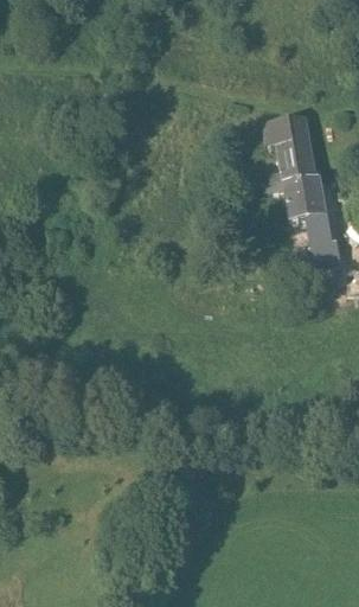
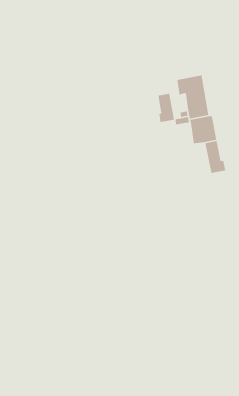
building: none -> [157,93,175,123]

